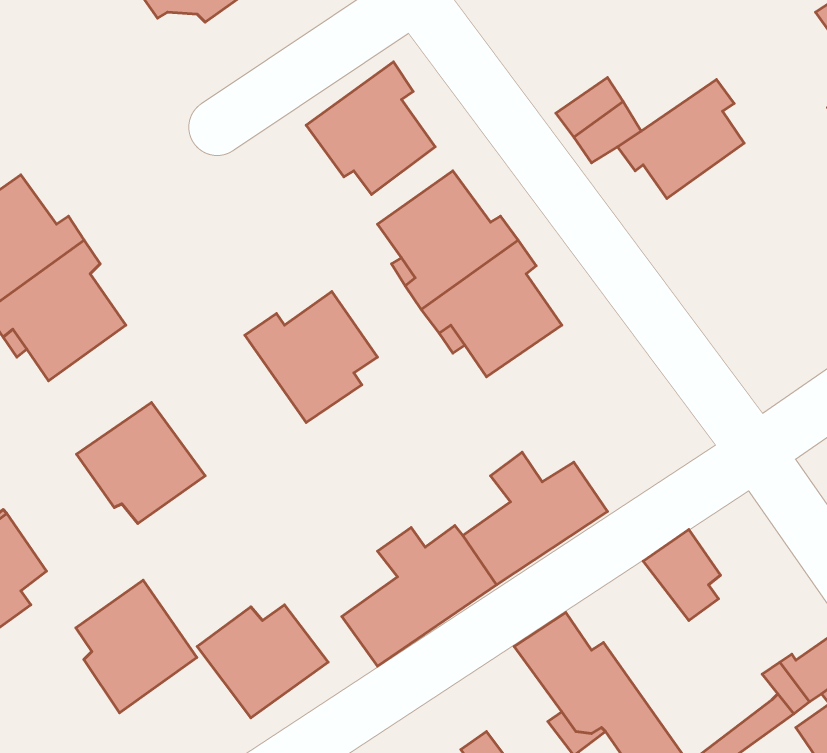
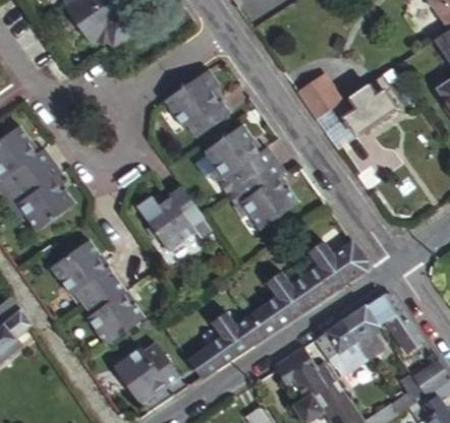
building: none -> [304,237,367,298]
building: none -> [363,294,428,355]
building: none -> [300,323,363,372]
building: [76,580,197,713] -> [80,280,143,348]

